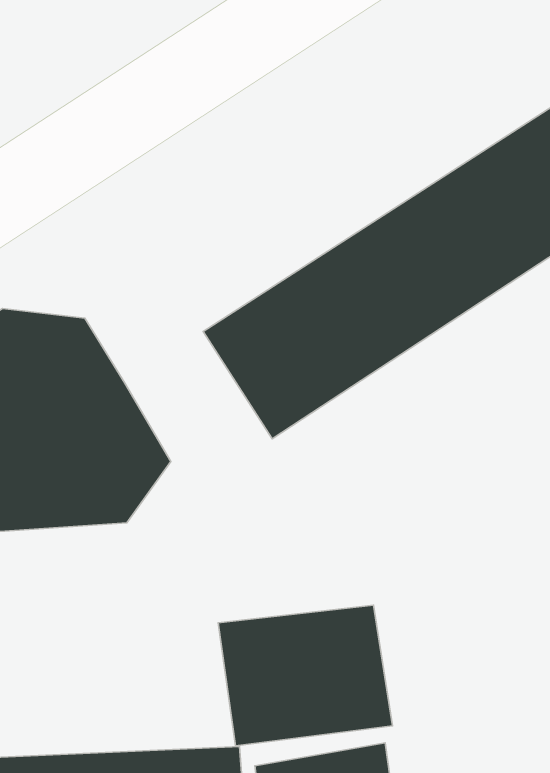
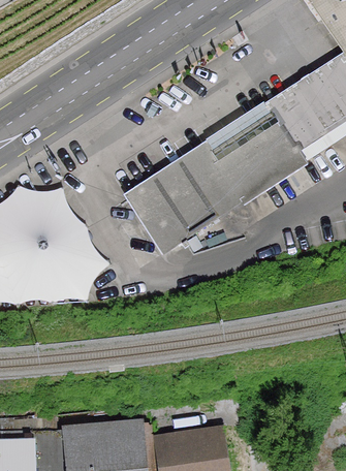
building: [218,605,393,746] -> none

